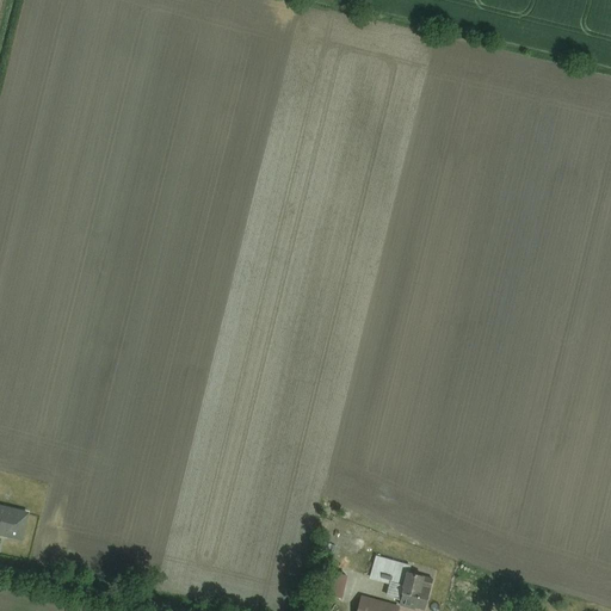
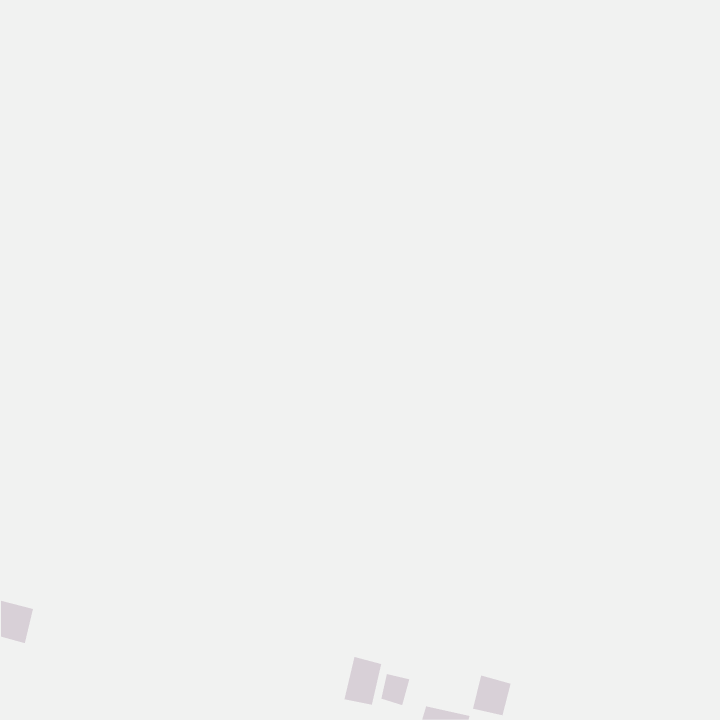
building: none -> [344,656,382,706]
building: [371,556,406,584] -> none

